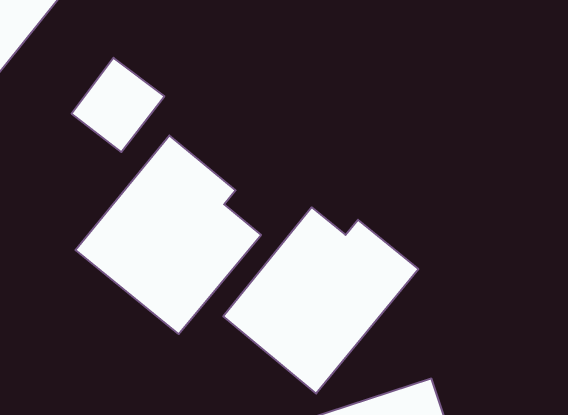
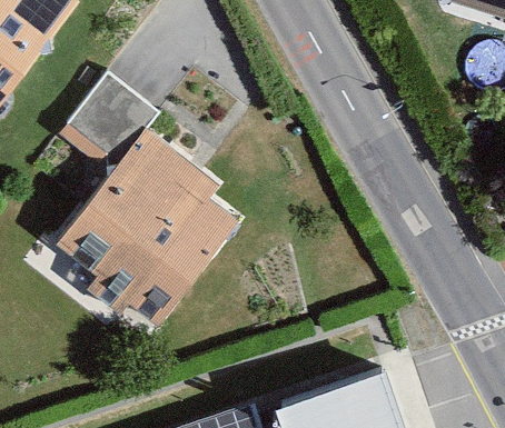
building: [223,207,418,394] -> none

